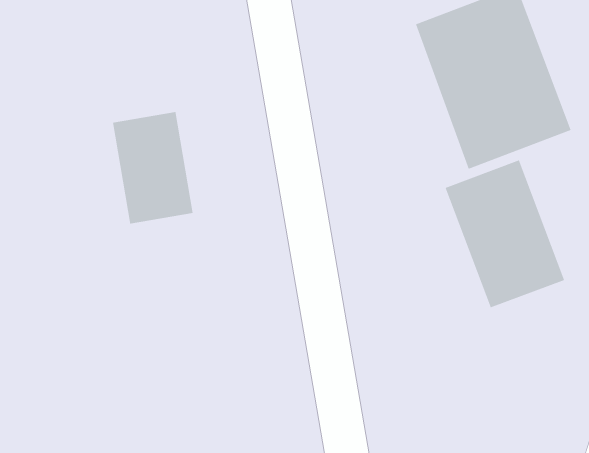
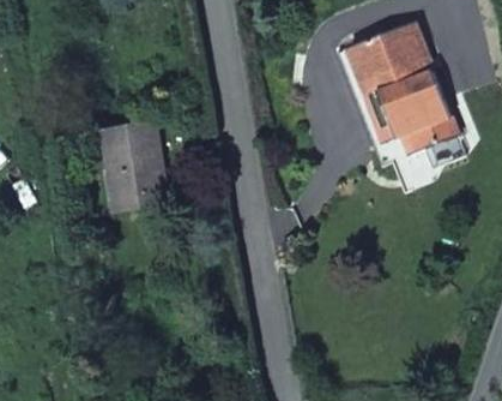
building: [445,160,565,308] -> none

